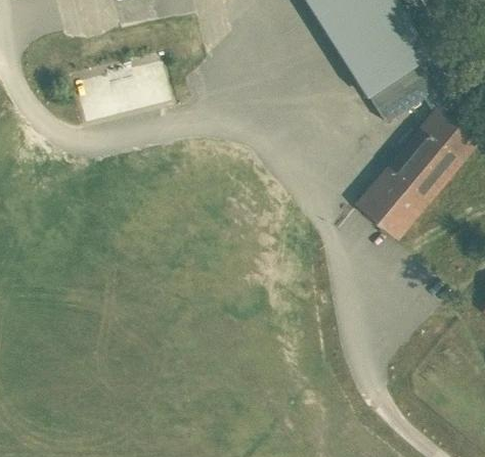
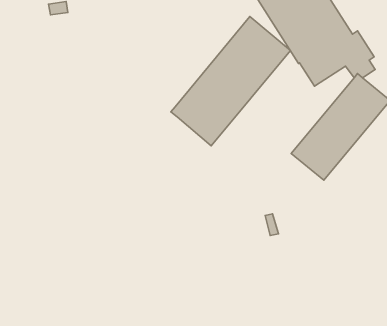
building: none -> [171,17,290,146]

